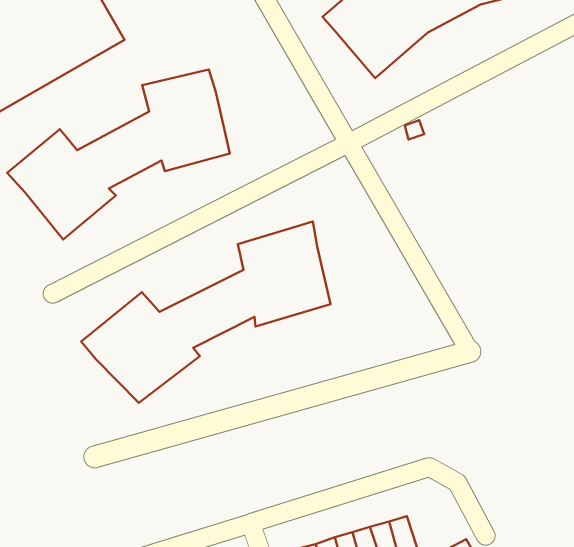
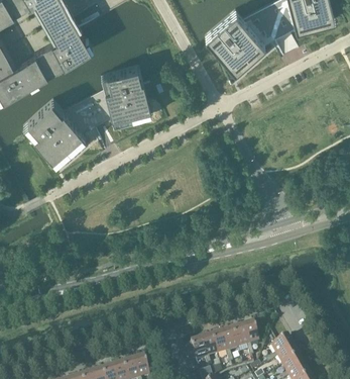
building: [81,221,330,403] -> none

